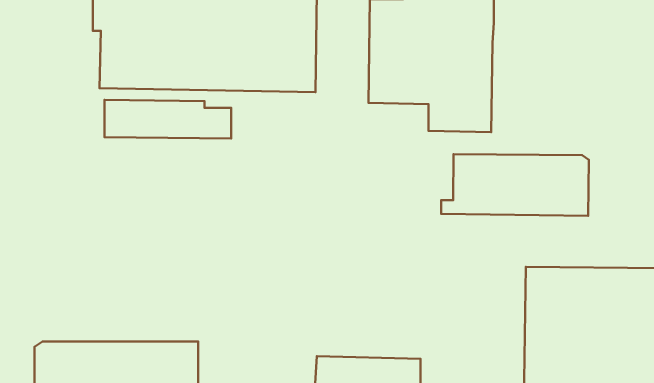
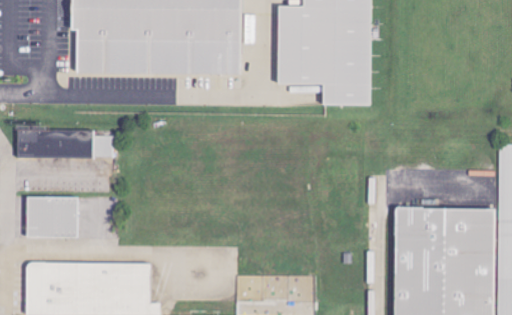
building: [105,100,231,139] -> [18,129,113,158]
building: [441,154,589,216] -> none
building: none -> [28,197,77,237]

